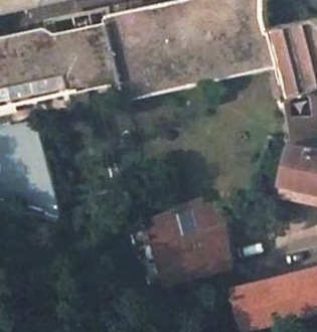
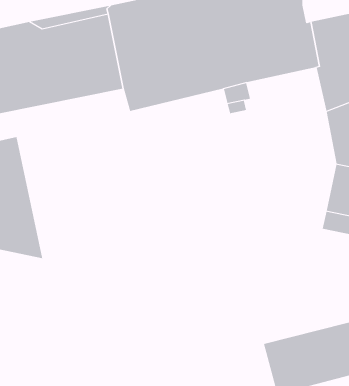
building: [145,196,225,283] -> none

